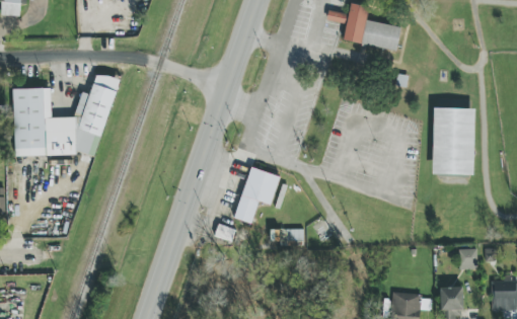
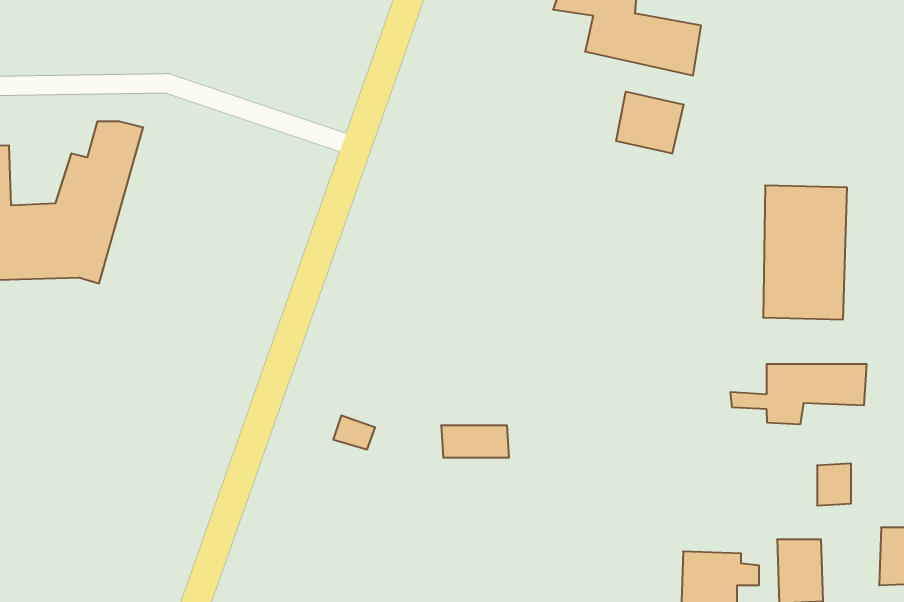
building: none -> [616,92,684,154]
building: [235,167,280,223] -> none
building: none -> [730,364,867,424]

